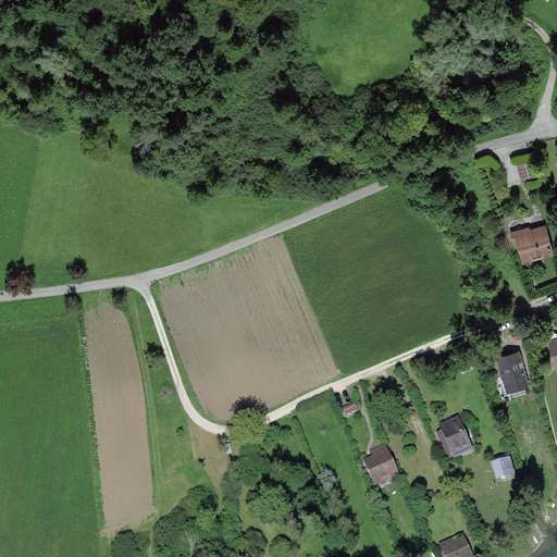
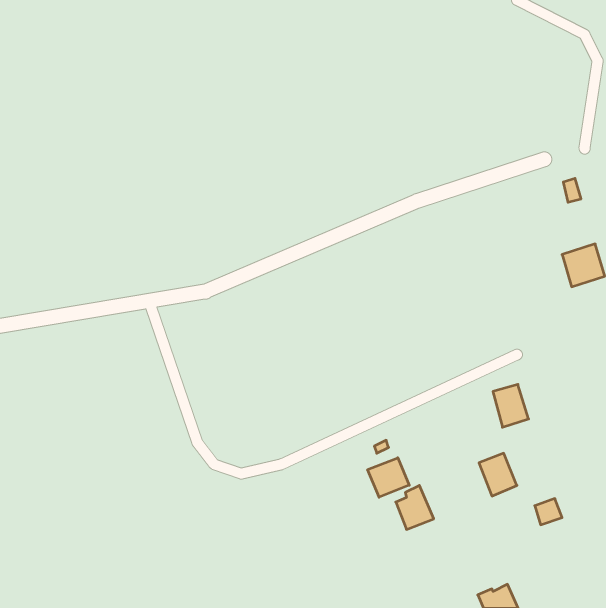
building: [496,356,529,395] -> [493,384,529,427]
building: none -> [368,458,409,497]

